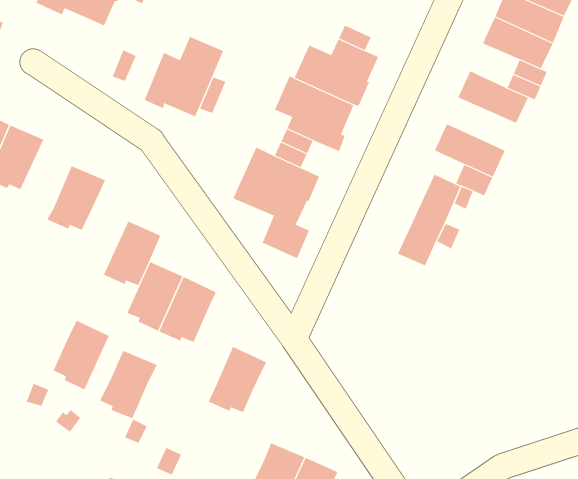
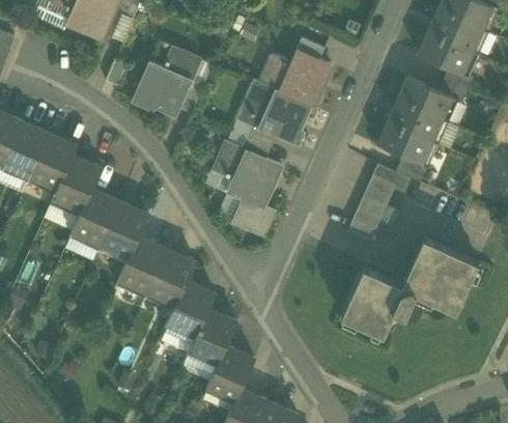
building: none -> [388,98,458,148]
building: none -> [29,134,76,192]
building: none -> [341,236,478,335]
building: [53,320,109,390] -> [72,189,119,248]
building: [100,350,157,419] -> [166,281,215,339]
building: none -> [205,345,254,404]

